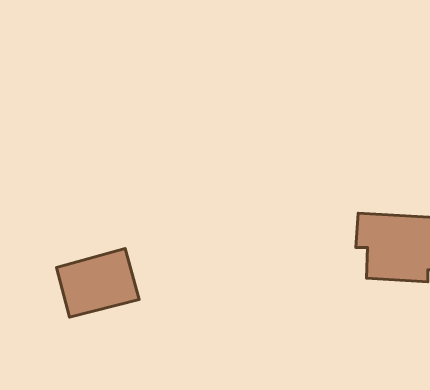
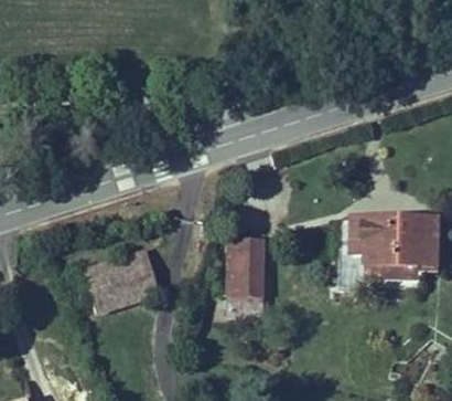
building: none -> [228,238,262,315]

